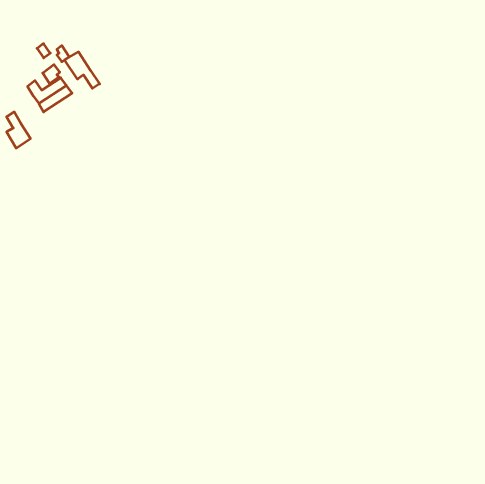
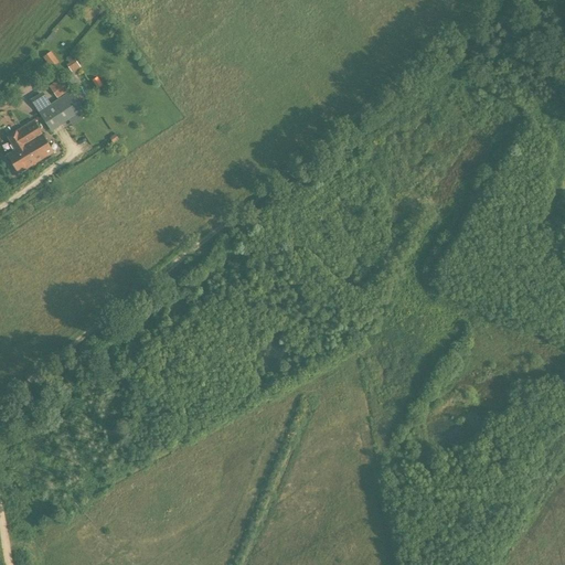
building: [65,52,100,88] -> none
building: none -> [17,119,53,161]

